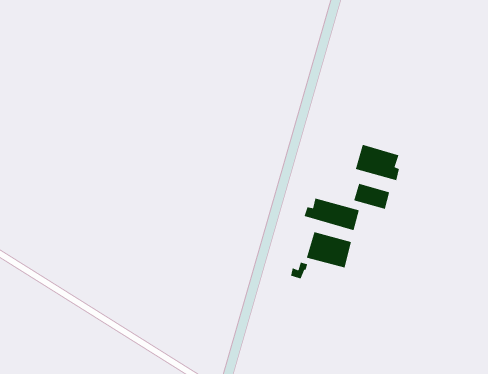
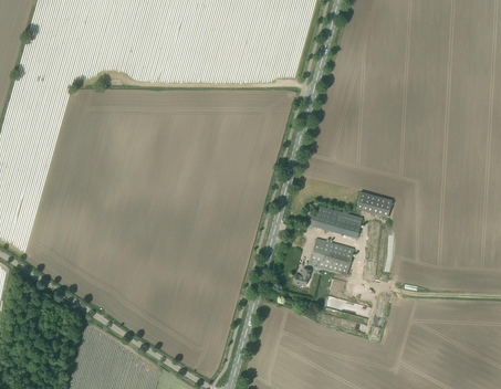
building: [355,144,400,181] -> none

